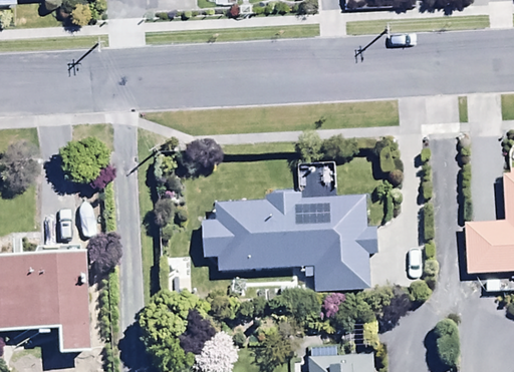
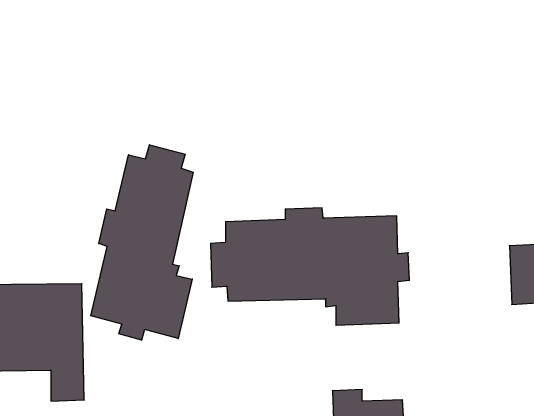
building: none -> [91,145,193,340]

